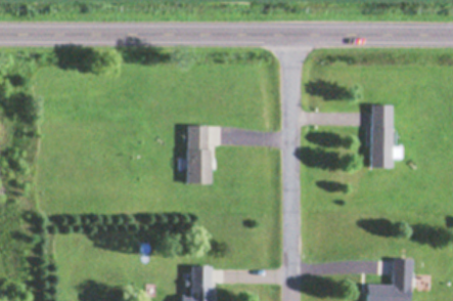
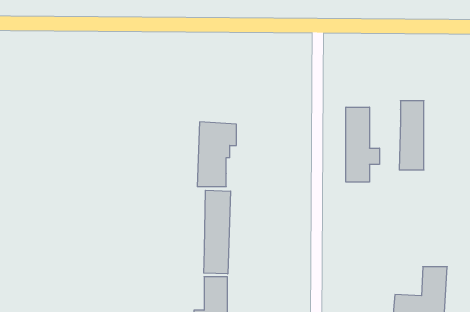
building: none -> [346,107,379,182]
building: none -> [204,190,231,274]

